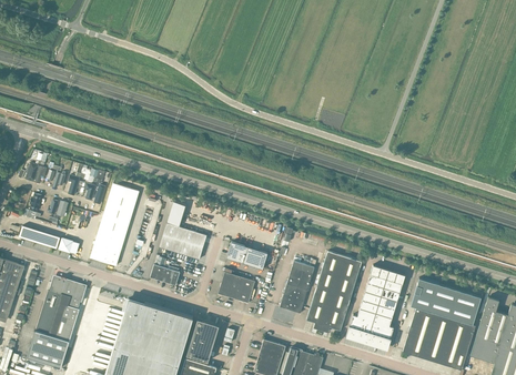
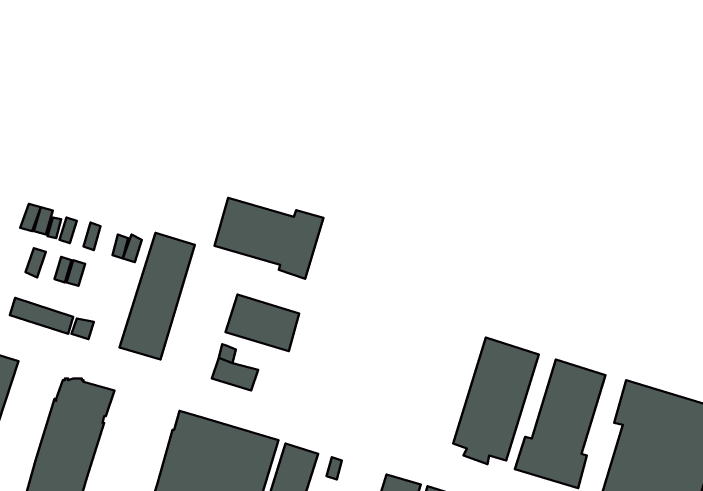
building: none -> [215,198,323,279]
building: [226,242,267,270] -> none
building: [280,260,316,313] -> none
building: [217,272,255,303] -> none

